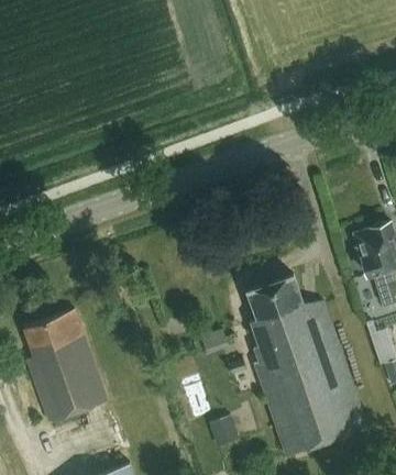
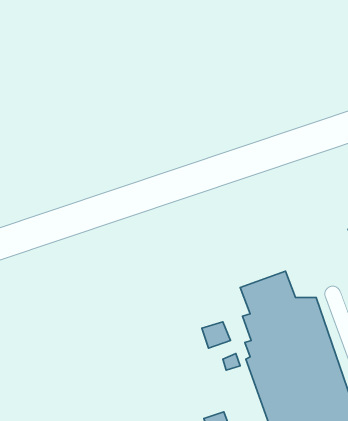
building: [22,311,107,421] -> none

